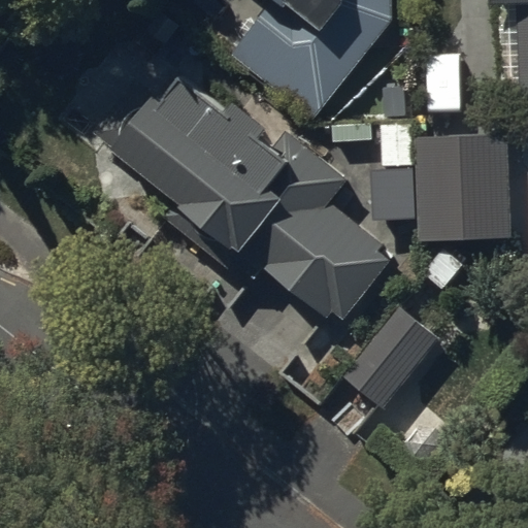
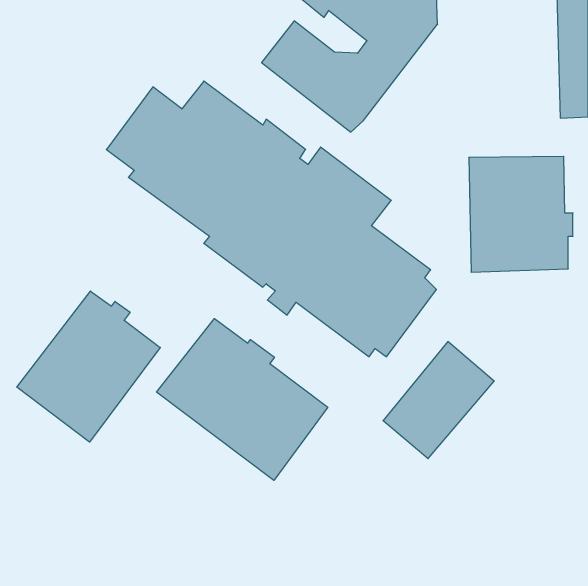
building: none -> [17,291,160,442]
building: none -> [157,319,328,480]

